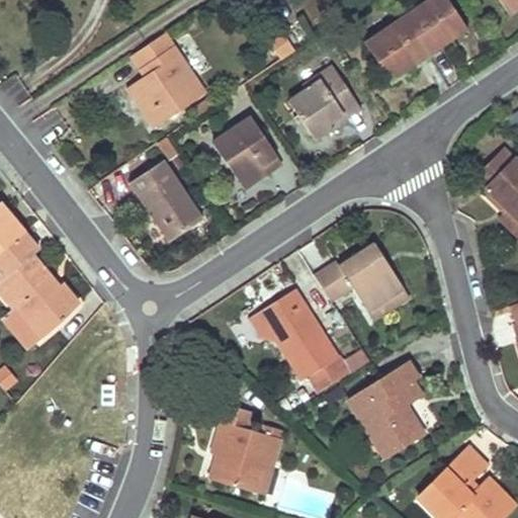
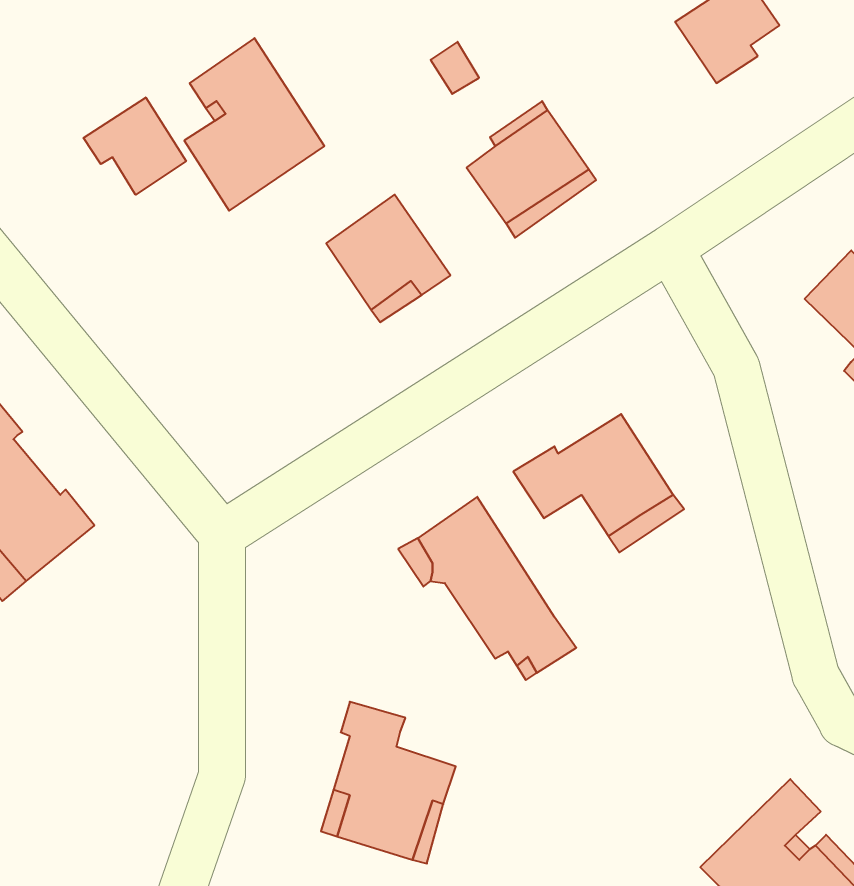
building: [368,20,428,73] -> none
building: none -> [84,97,186,195]
building: [128,162,203,244] -> none
building: [351,358,428,453] -> none

